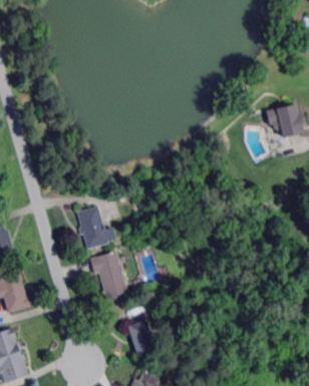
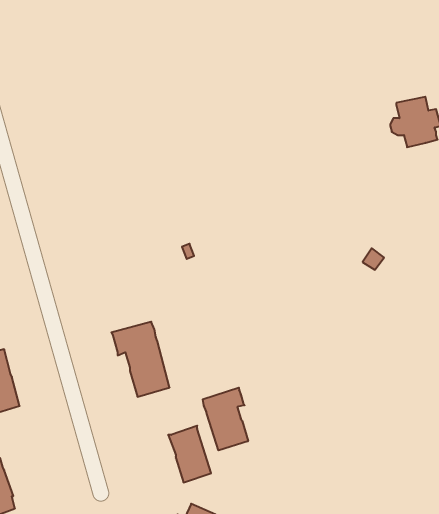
building: [76,206,114,250] -> none
building: none -> [203,388,248,450]

